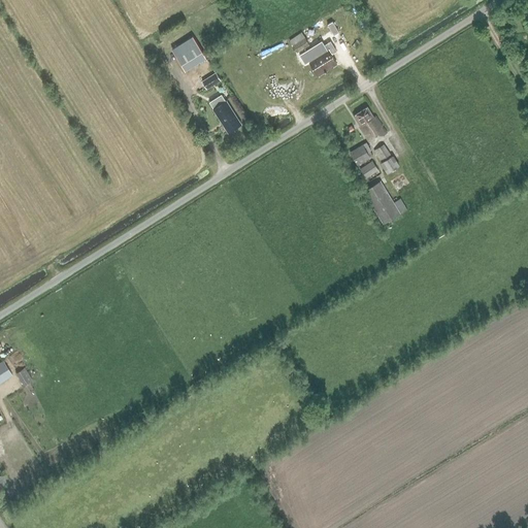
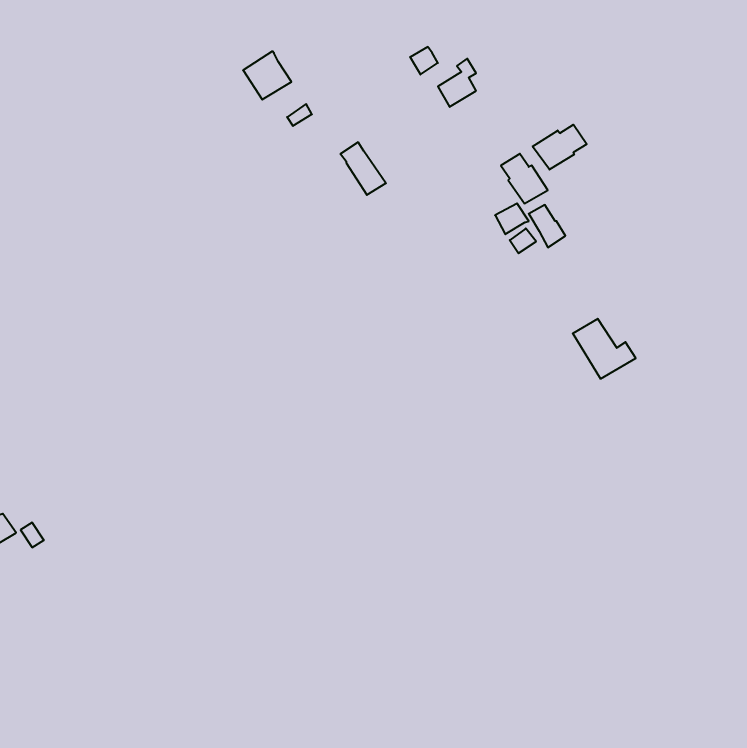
building: none -> [533,125,587,170]
building: [208,95,240,132] -> [340,142,386,195]
building: [362,182,406,224] -> [573,319,636,379]

